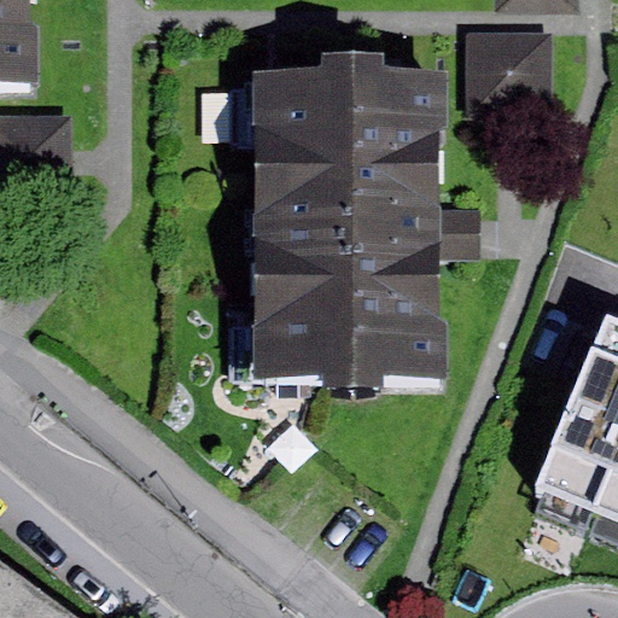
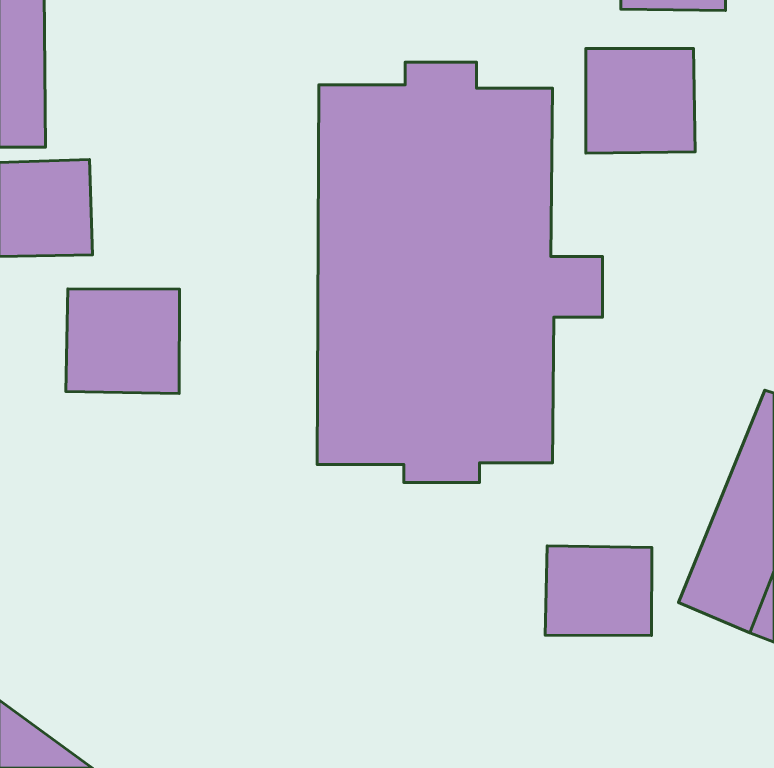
building: none -> [66,289,179,394]
building: none -> [545,546,652,635]

